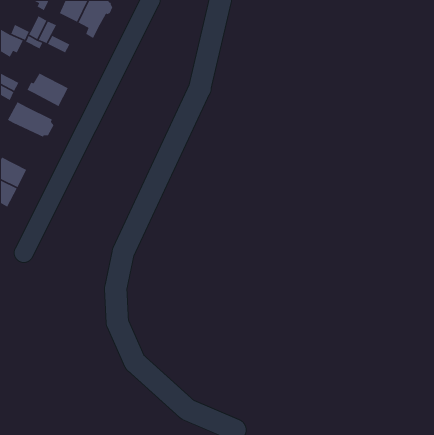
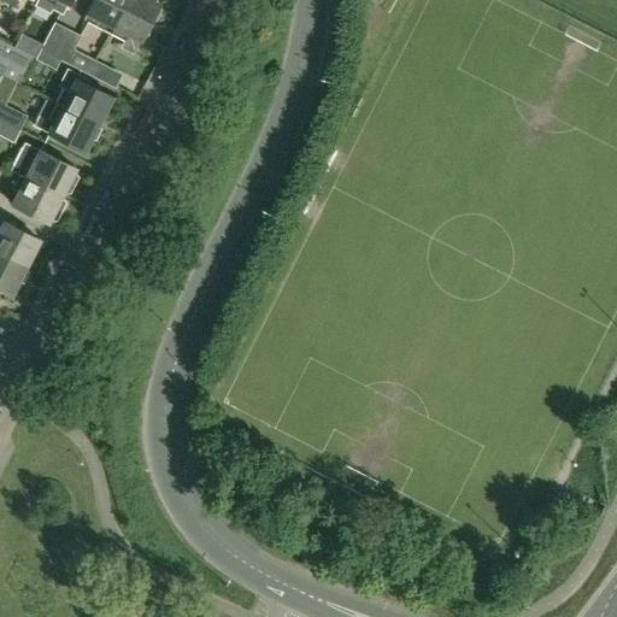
building: none -> [57,69,113,124]
building: none -> [12,175,65,223]

